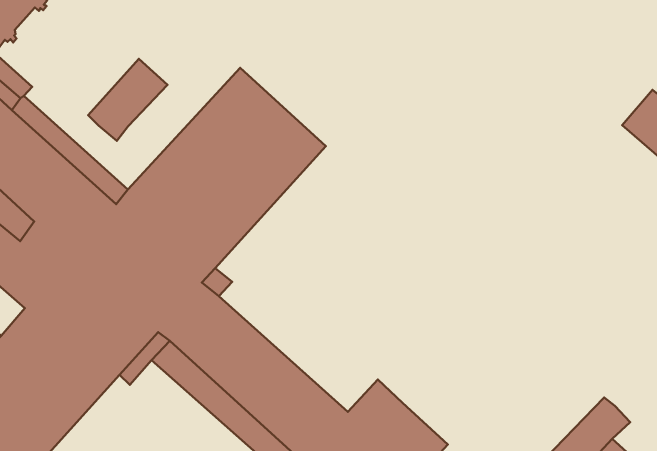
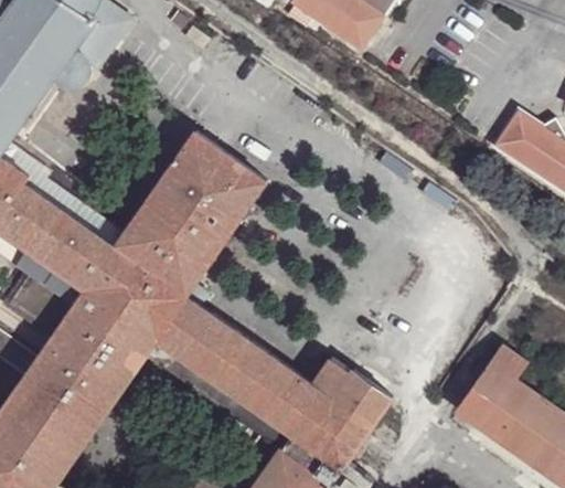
building: [88,59,168,141] -> none

